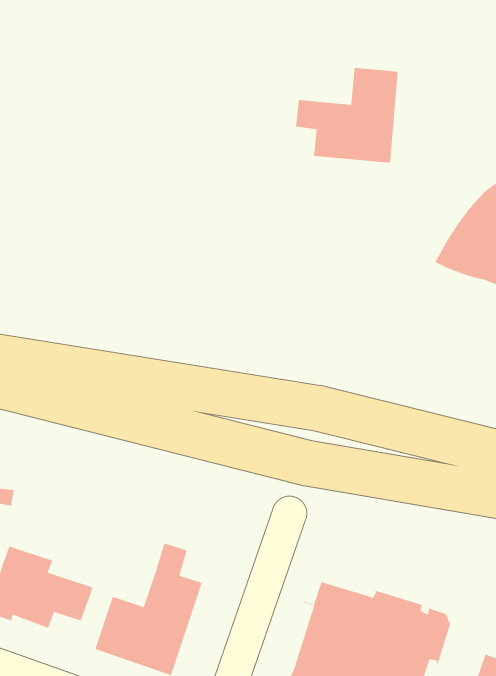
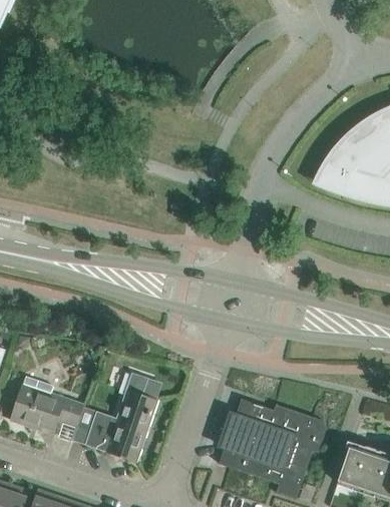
building: [296,67,398,163] -> none

